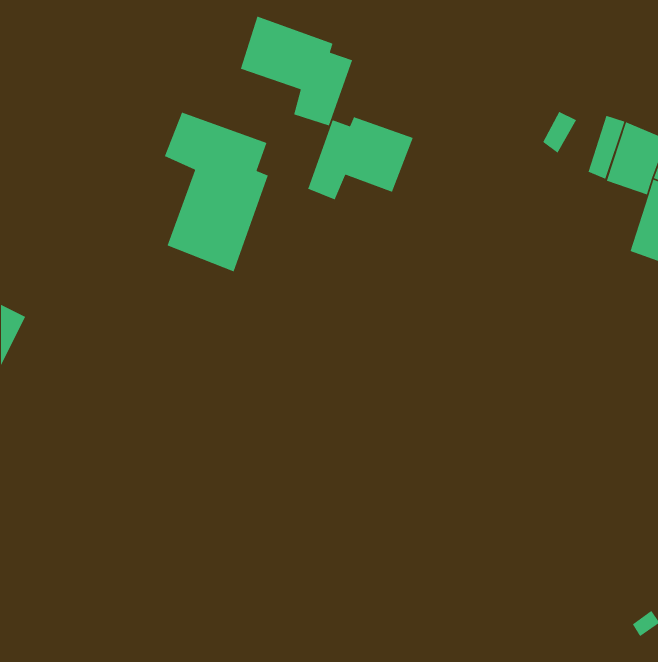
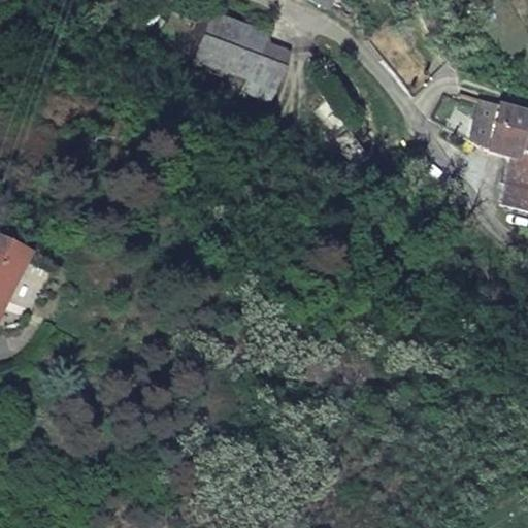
building: [164,111,269,272] -> none
building: [307,116,414,200] -> none

